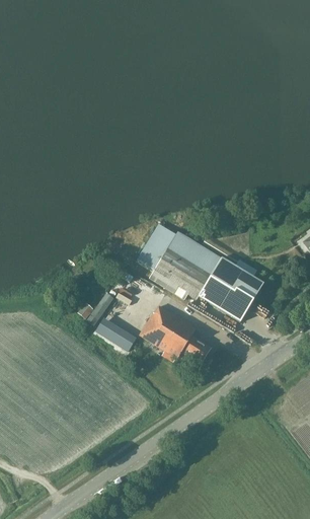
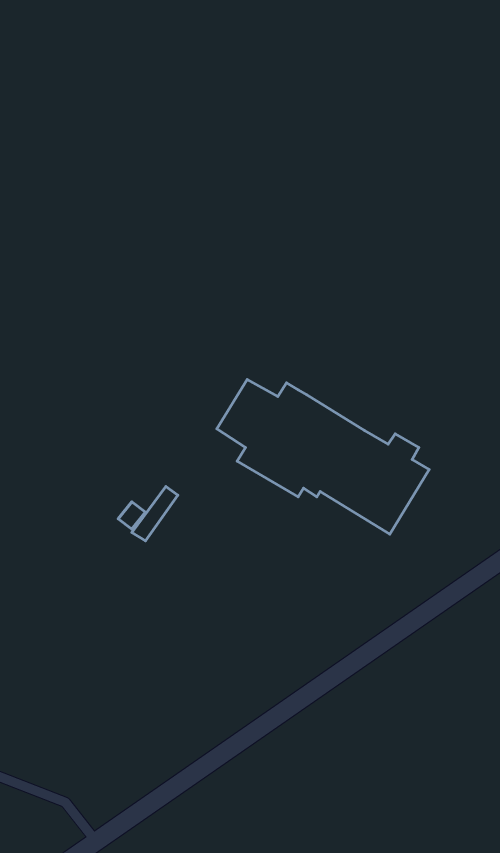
building: [139,304,210,362] -> none
building: [95,315,136,350] -> none

